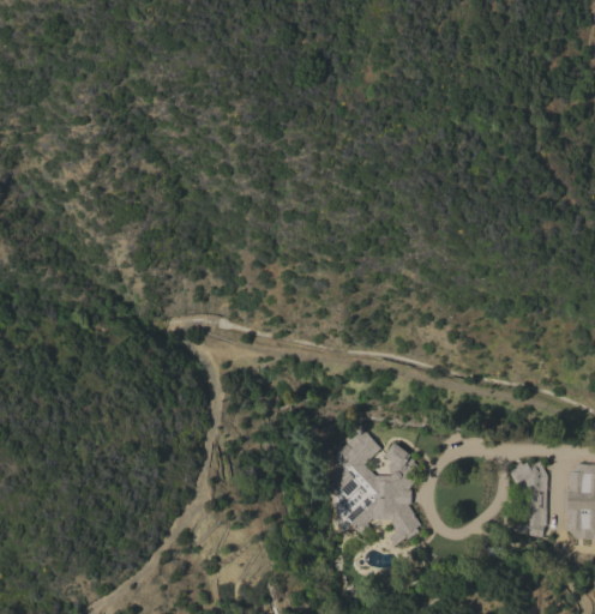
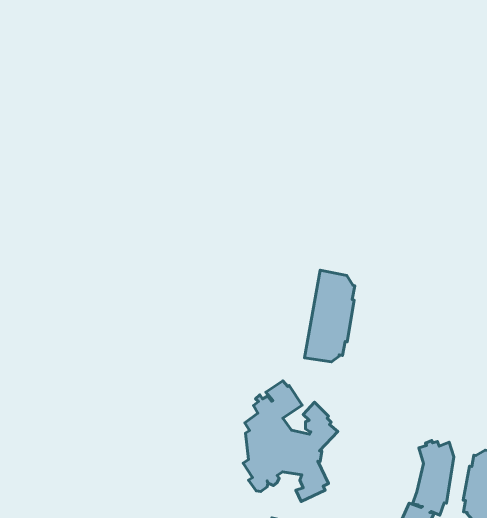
building: none -> [304,270,355,362]

